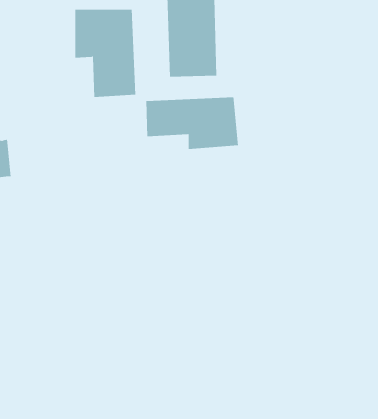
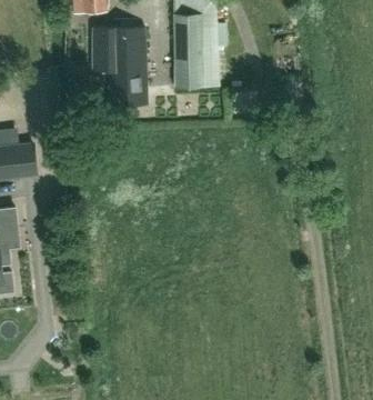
building: [146,97,238,150] -> none

